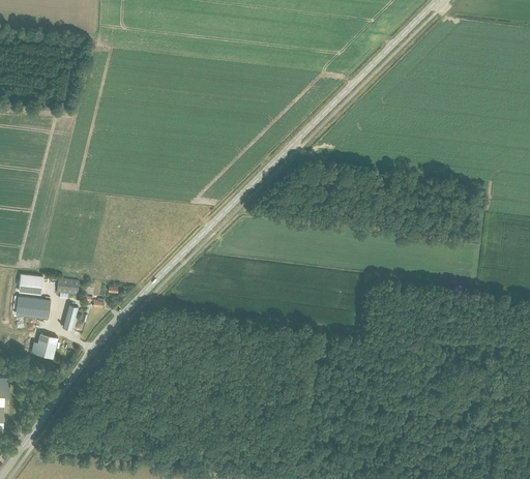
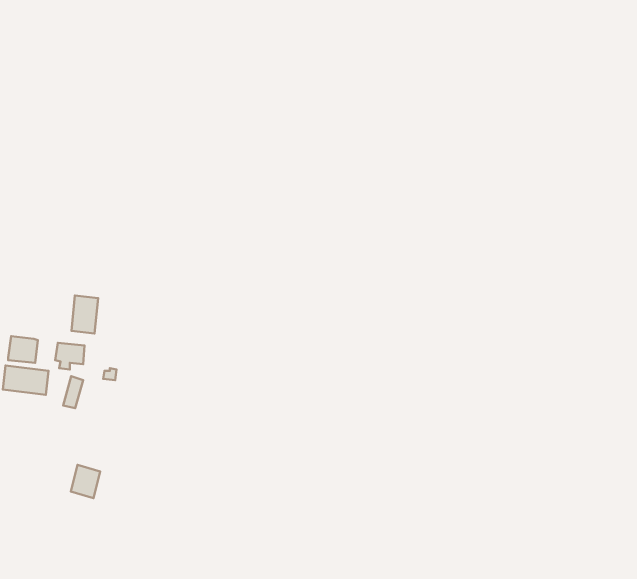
building: none -> [71,296,98,334]
building: [33,332,56,358] -> [71,465,100,498]

